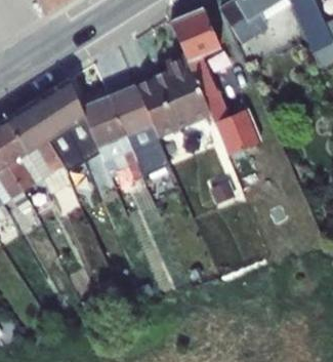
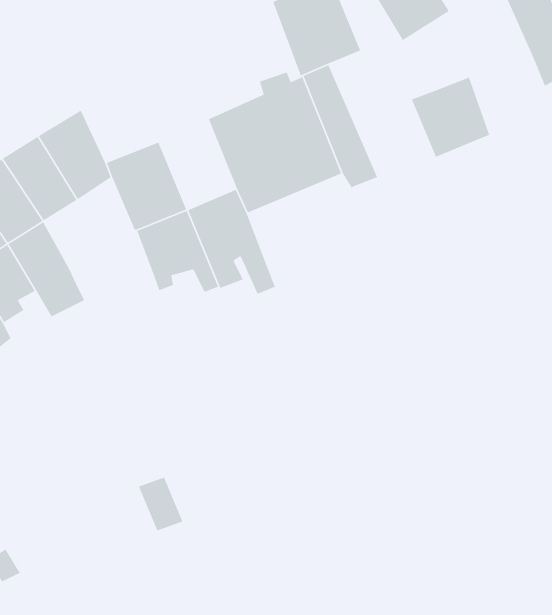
building: [110,85,152,134] -> none
building: [215,110,258,154] -> [411,76,490,158]
building: [47,117,106,177] -> none

